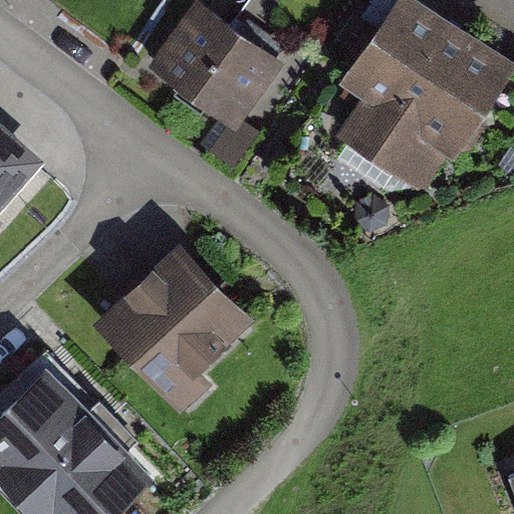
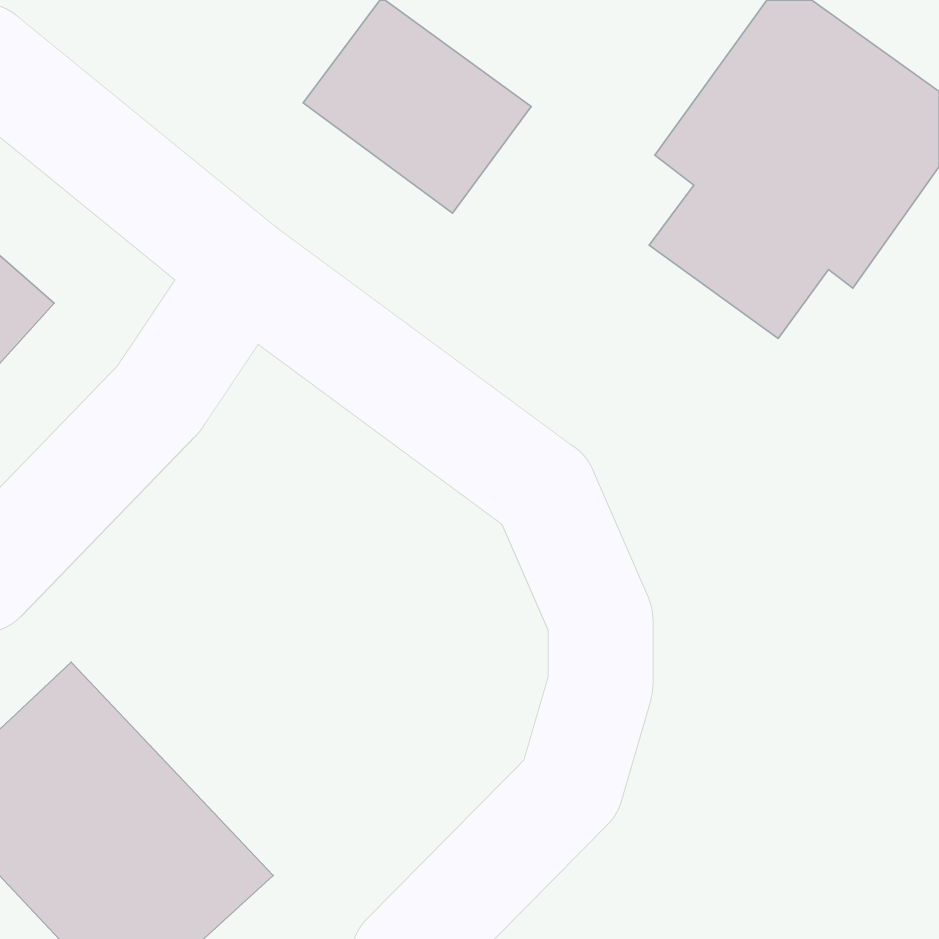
building: [84,240,248,403] -> none

